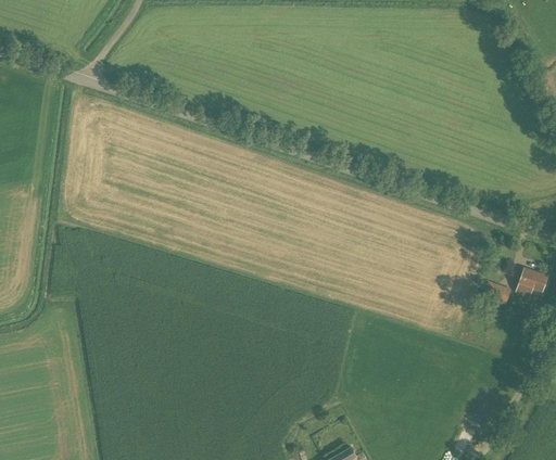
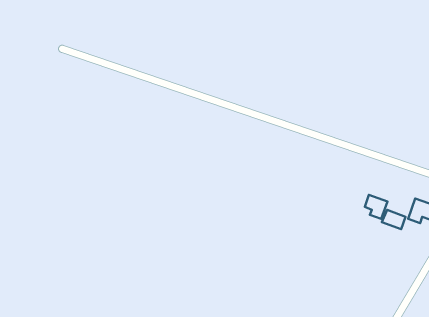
building: none -> [365,195,387,219]

